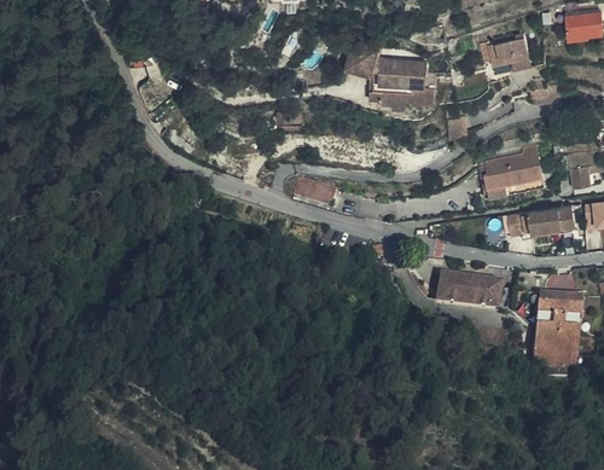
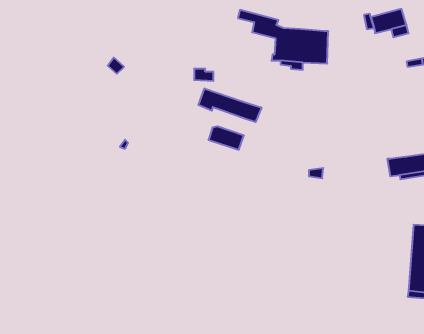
building: none -> [198,88,261,122]
building: [477,145,544,197] -> none
building: [436,273,500,306] -> none

